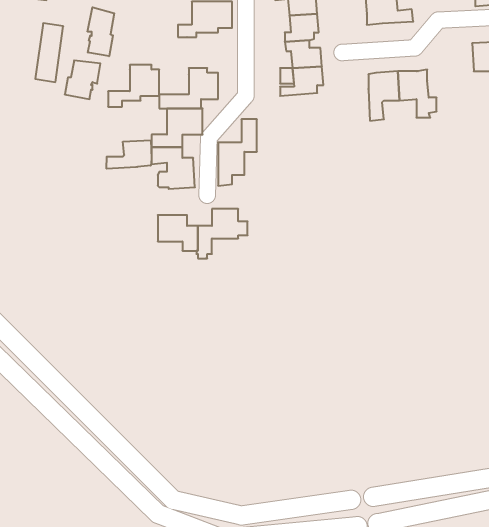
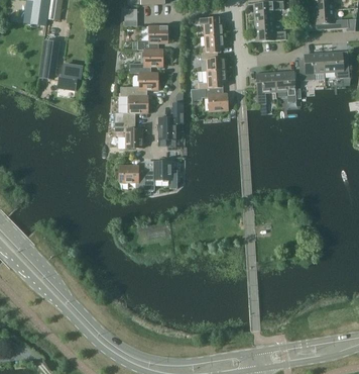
building: [88,7,114,56] -> none
building: none -> [303,53,325,80]
building: [108,65,159,107] -> [130,45,163,73]
building: none -> [199,85,229,110]
building: [107,140,152,169] -> none

